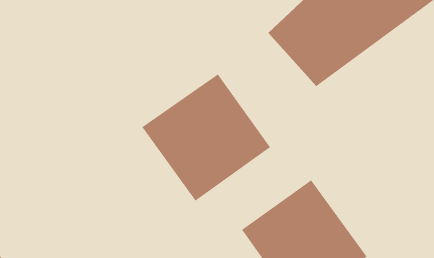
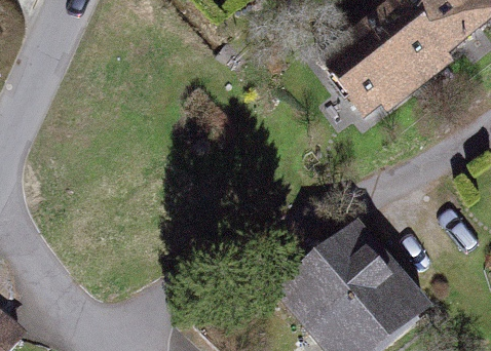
building: [142,73,271,201] -> none

